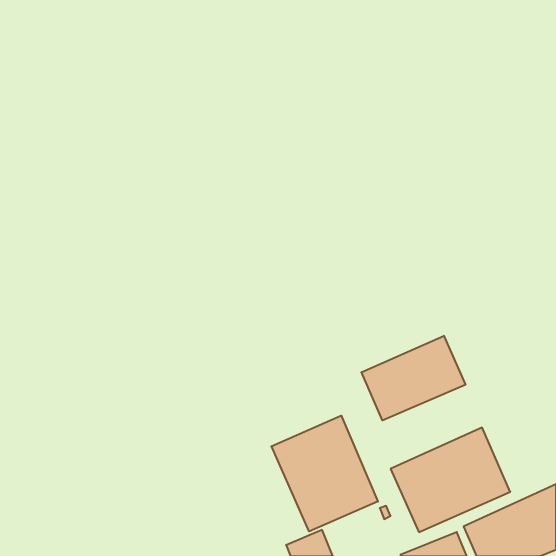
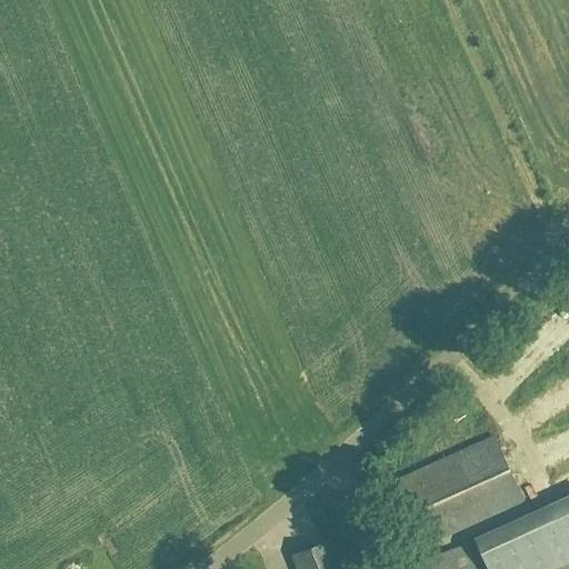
building: [362,336,465,420] -> none
building: [271,416,378,531] -> none

